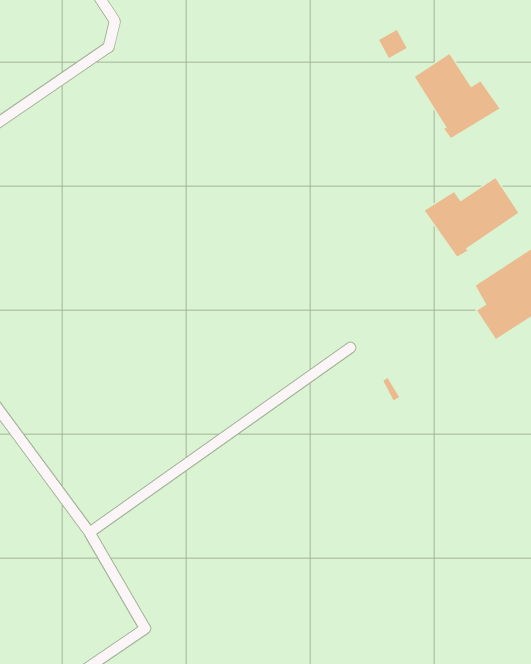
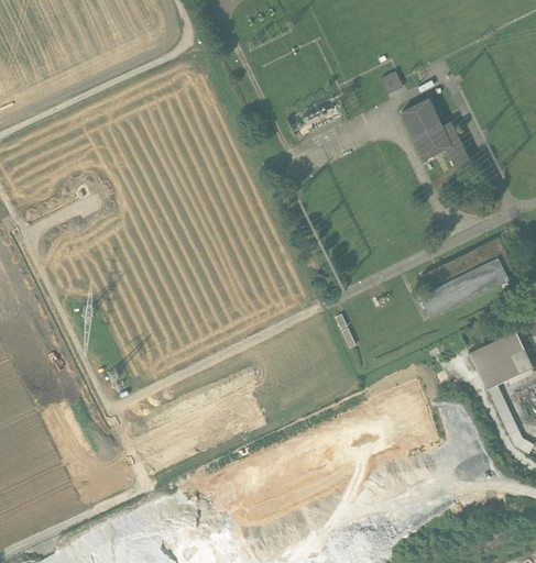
building: [424,177,519,258] -> none

